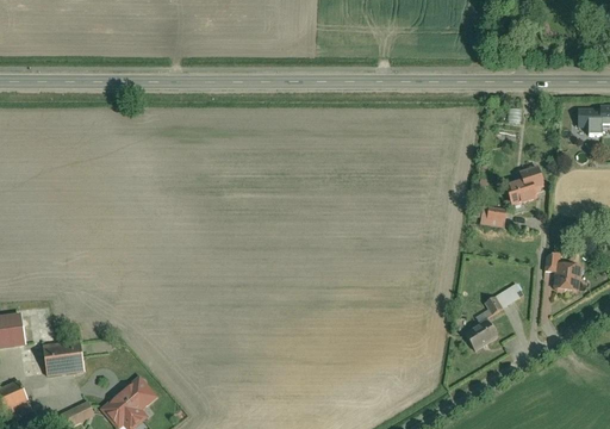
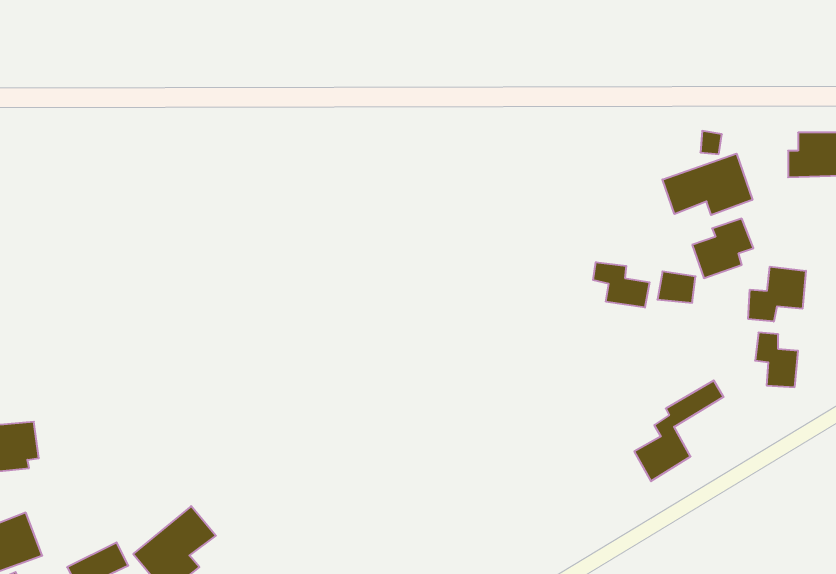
building: none -> [662,154,752,215]
building: none -> [593,262,650,308]
building: none -> [748,267,806,322]
building: [42,341,82,378] -> none

